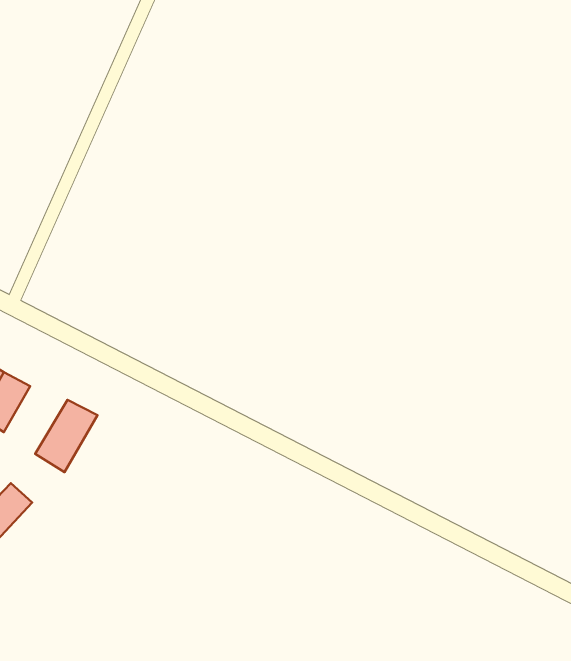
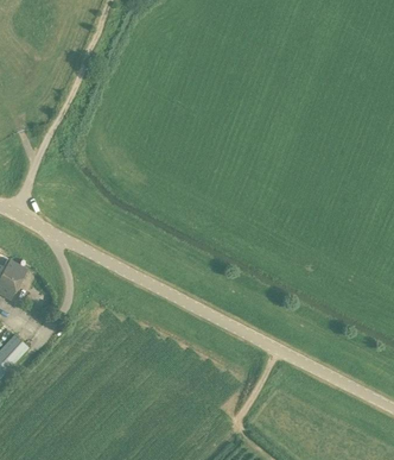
building: [35,400,97,472] -> none

